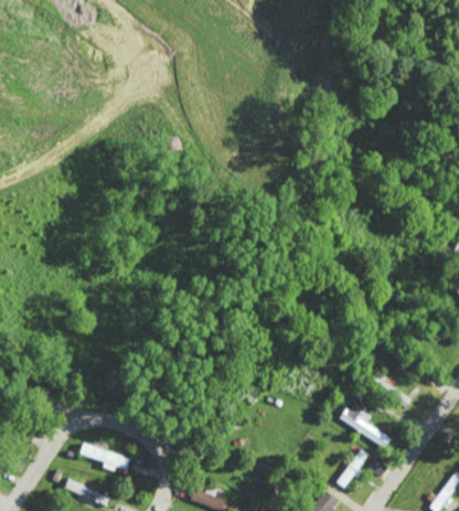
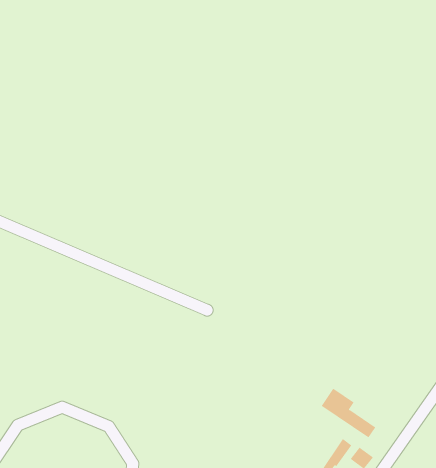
building: [81,443,130,471] -> none

